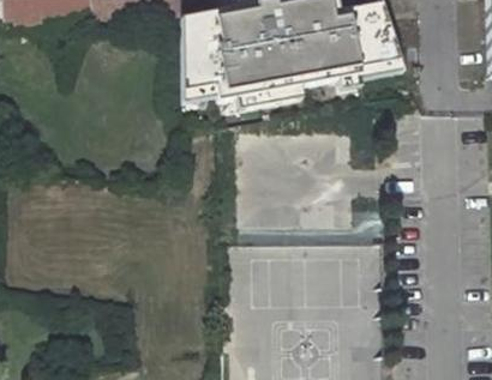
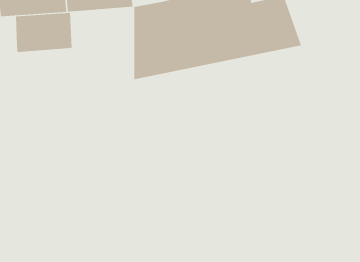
building: none -> [15,12,72,53]

